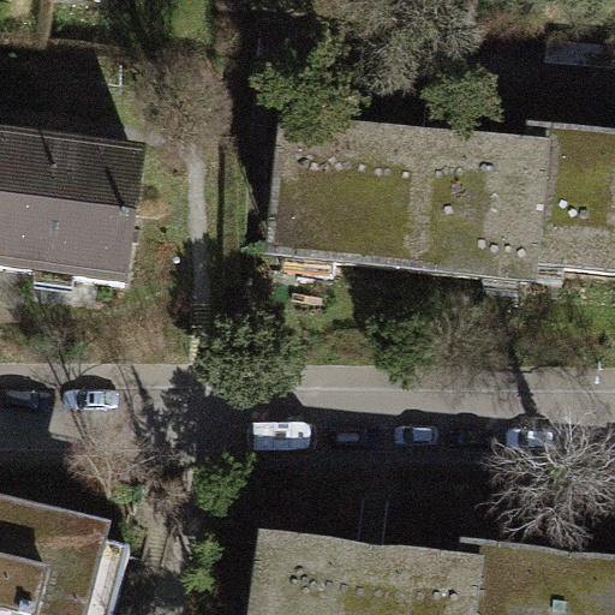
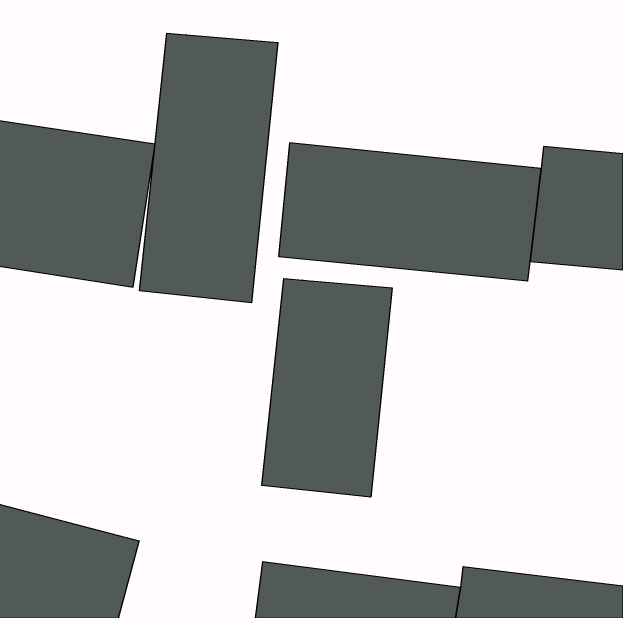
building: none -> [140,33,278,303]
building: none -> [262,279,392,497]

